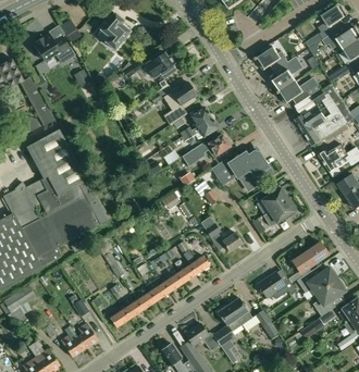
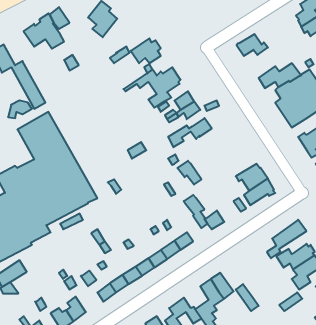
building: [271,55,304,92] -> none
building: [211,147,272,188] -> none
building: [258,272,296,298] -> none

